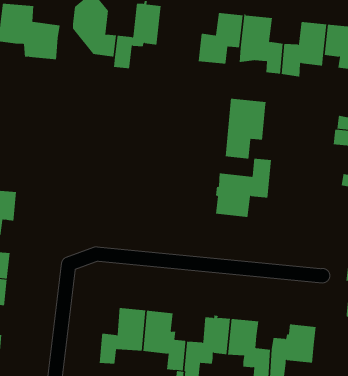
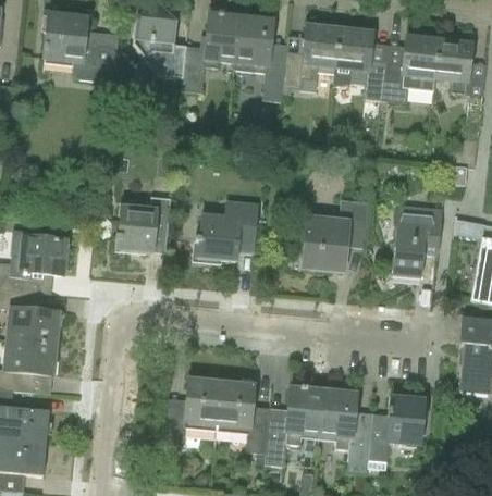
building: none -> [234,16,287,100]
building: [225,98,267,159] -> [392,203,442,276]
building: none -> [115,194,171,251]
building: none -> [195,200,257,259]

